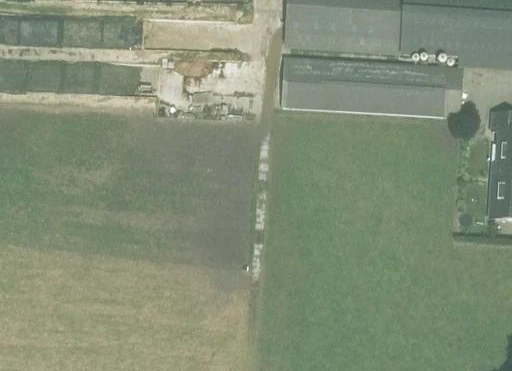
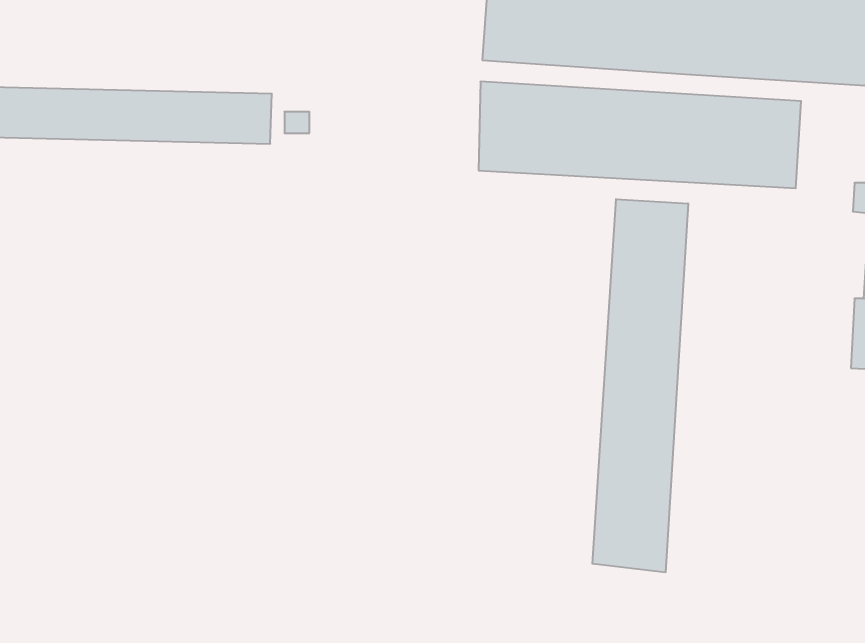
building: none -> [592,199,688,572]

